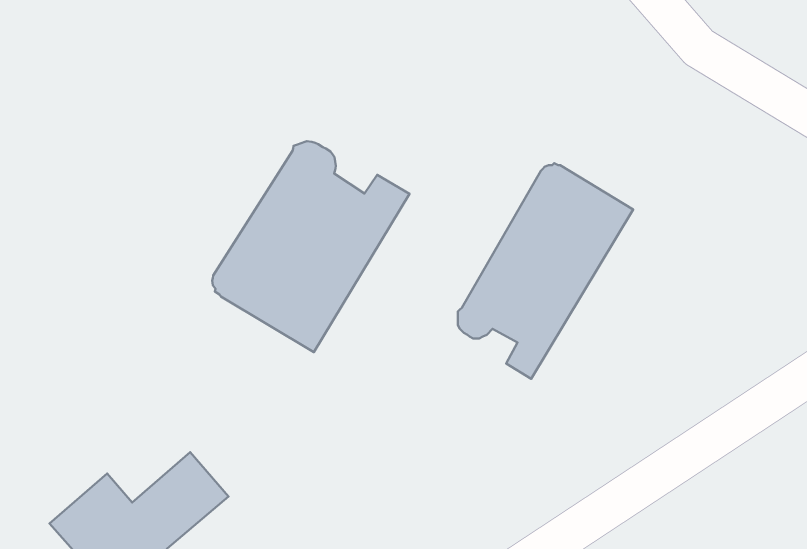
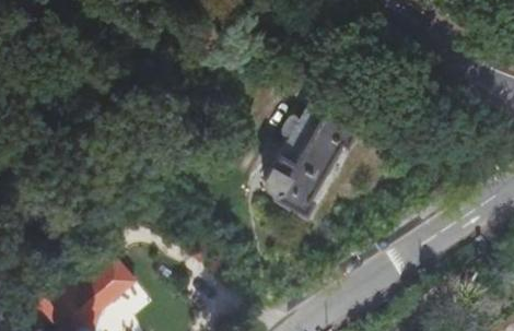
building: [212,141,409,352] -> none

